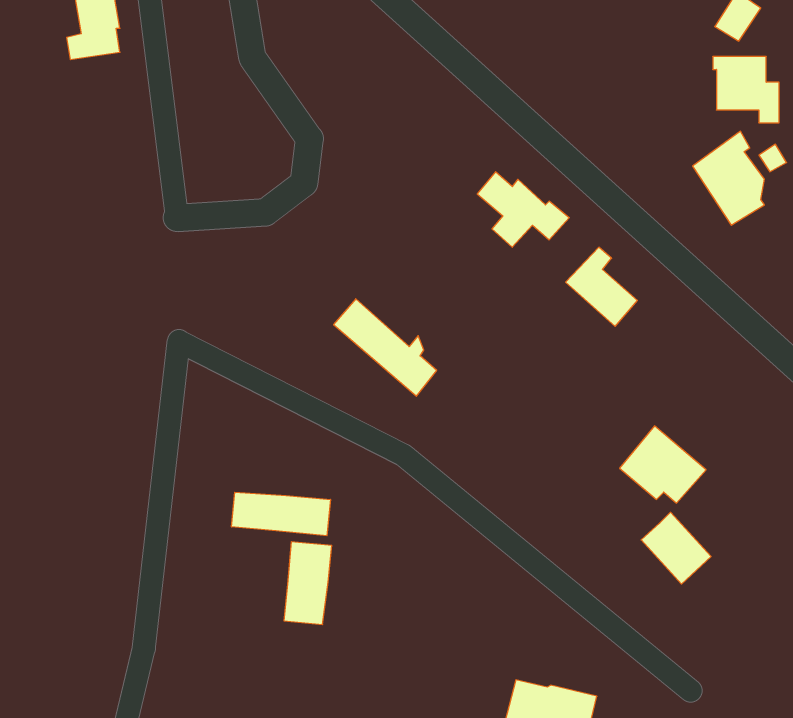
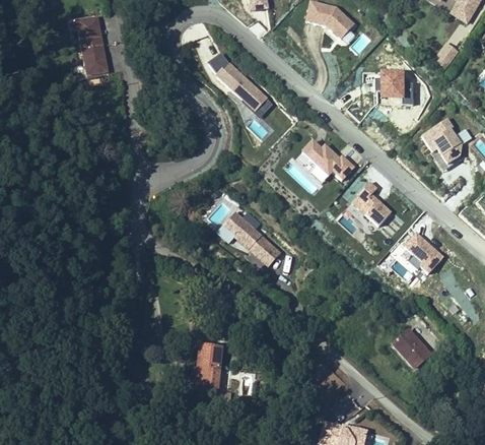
building: none -> [209,53,273,117]
building: [713,57,779,123] -> [376,65,413,102]
building: [620,426,706,503] -> [396,232,443,274]
building: [232,492,330,536] -> none

